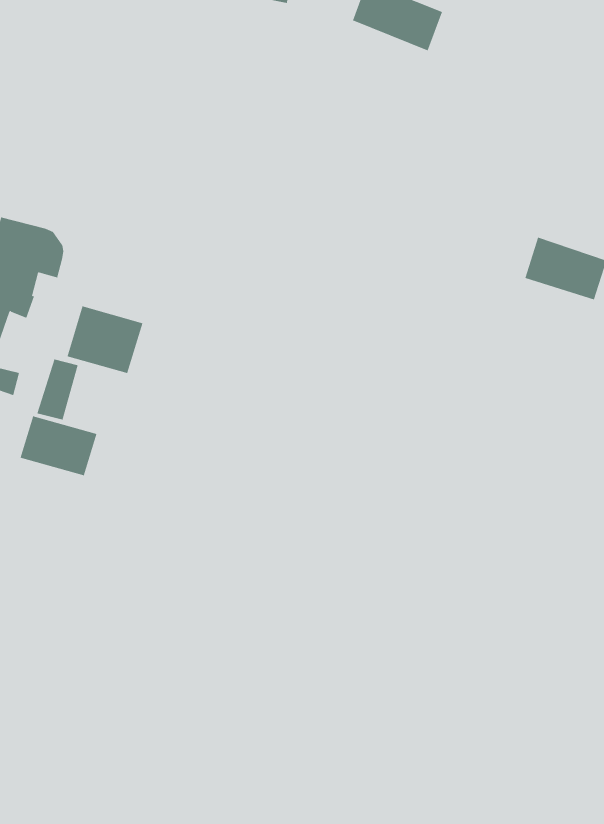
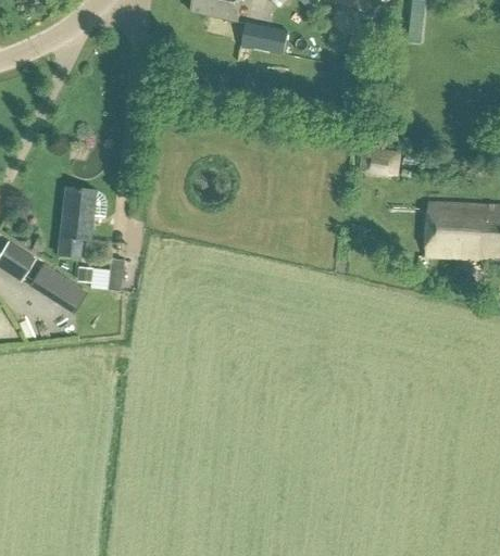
building: [67,305,143,374] -> none
building: [20,416,97,476] -> none

